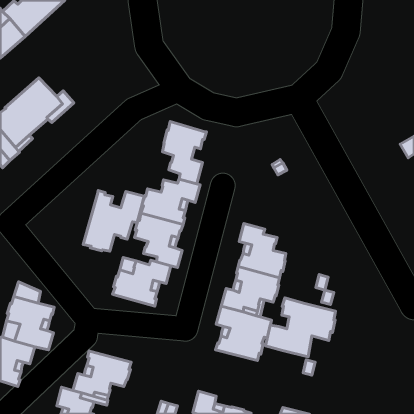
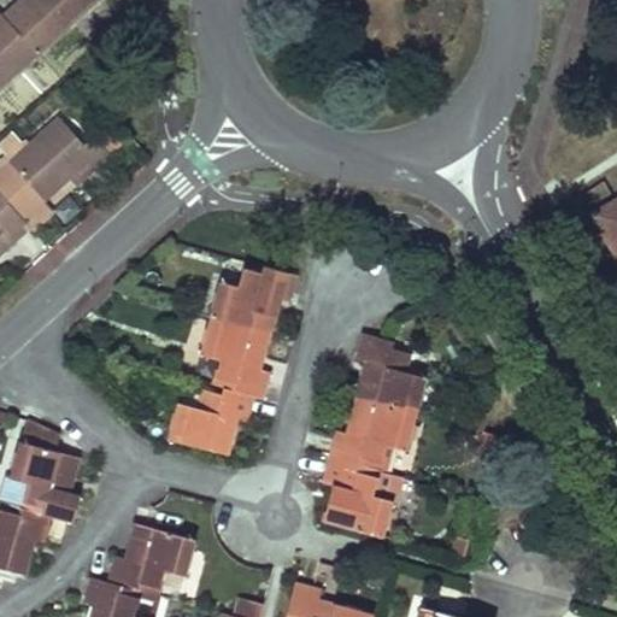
building: [163,121,206,184] -> none
building: [83,190,144,251] -> none
building: [266,298,335,357] -> none

